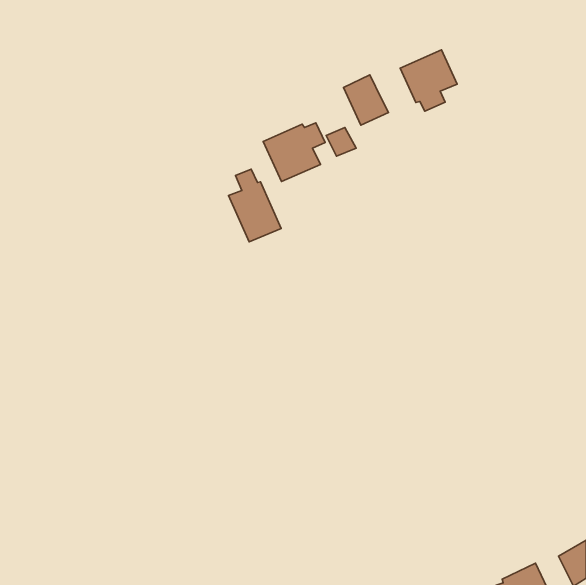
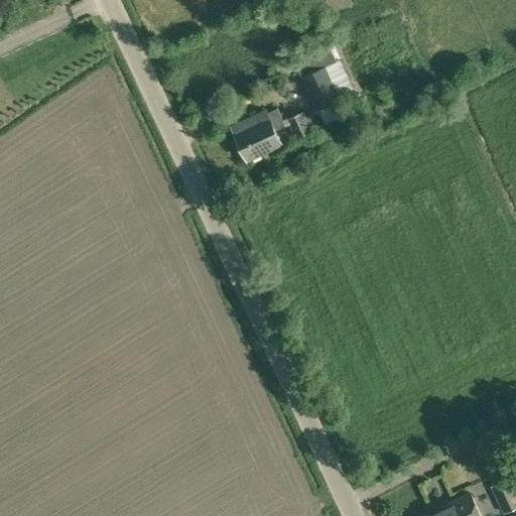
building: [400,50,457,111] -> none
building: [229,169,281,242] -> none

